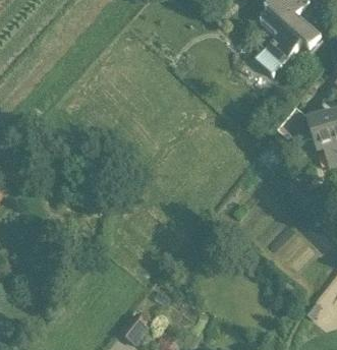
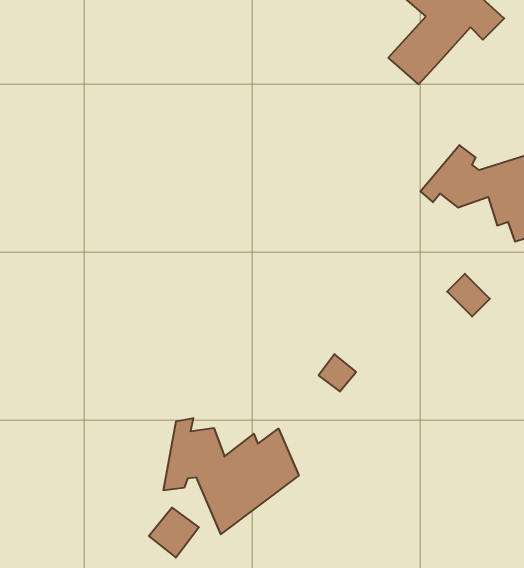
building: none -> [163,418,299,534]

